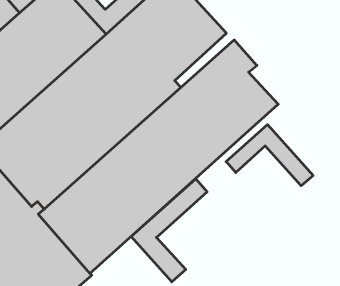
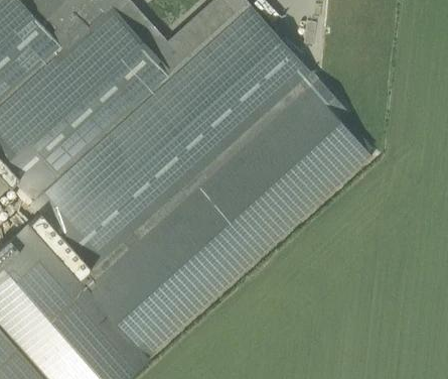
building: [226,125,313,186] -> none
building: [131,179,207,282] -> none

